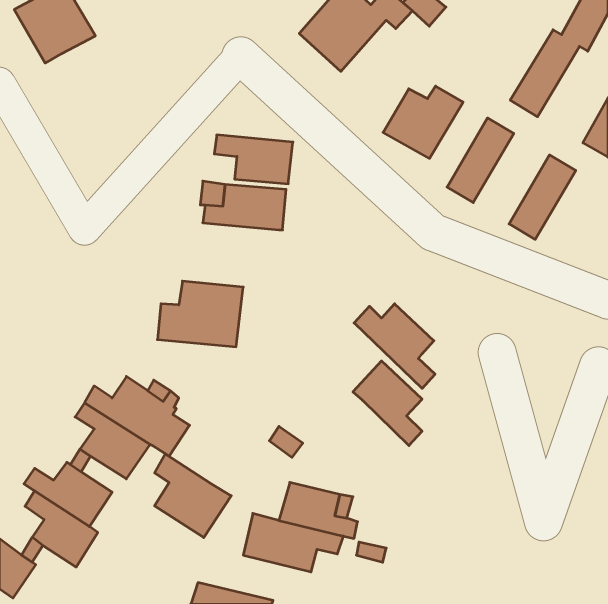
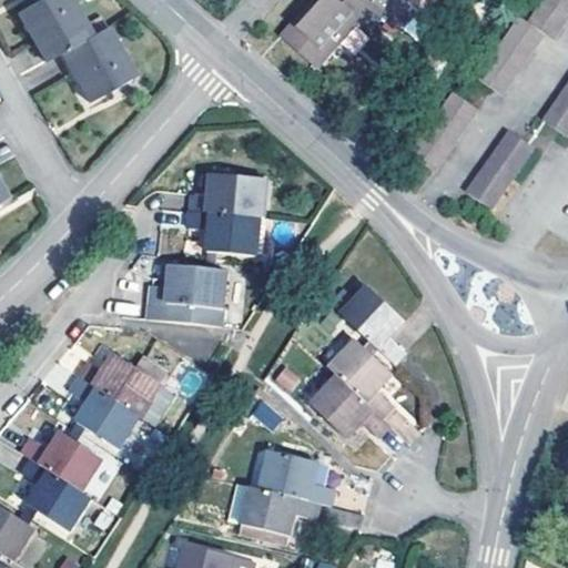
building: none -> [58,23,132,99]
building: [383,86,463,158] -> none
building: [214,135,293,184] -> [186,207,260,253]
building: none -> [310,373,388,437]
building: [155,454,231,538] -> none

